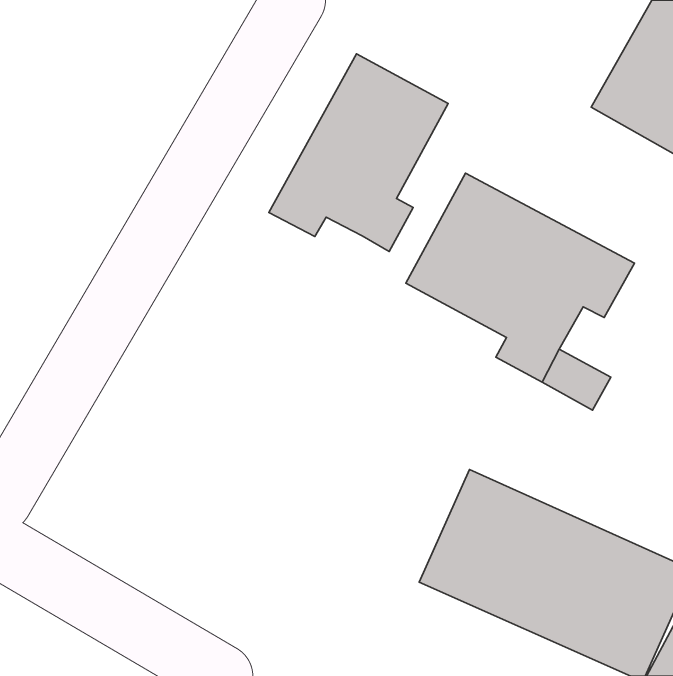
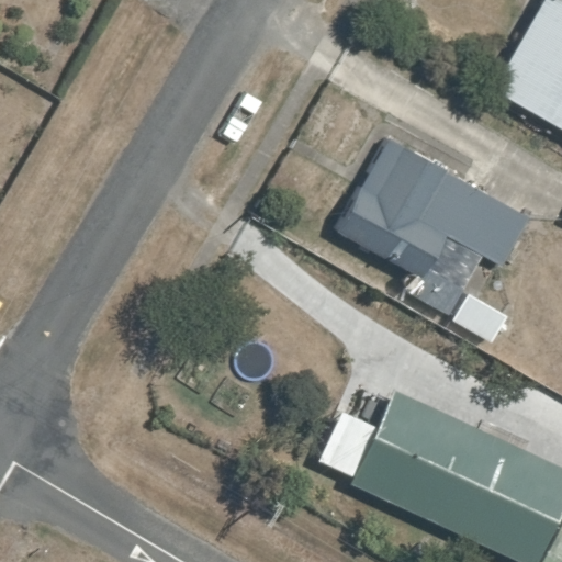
building: [269,54,448,251] -> none

